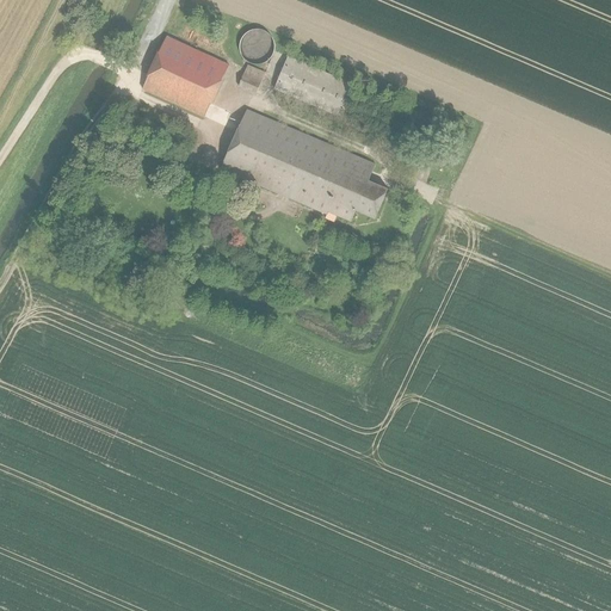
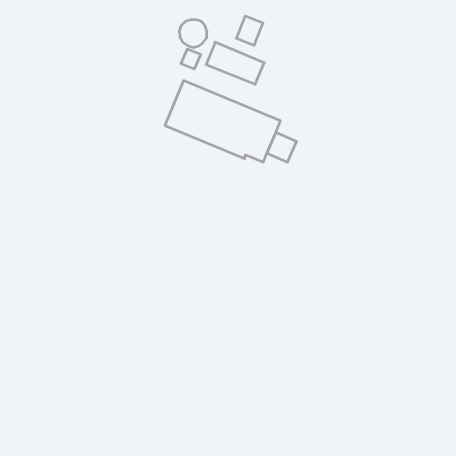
building: none -> [236,16,263,45]
building: [143,36,227,115] -> none

